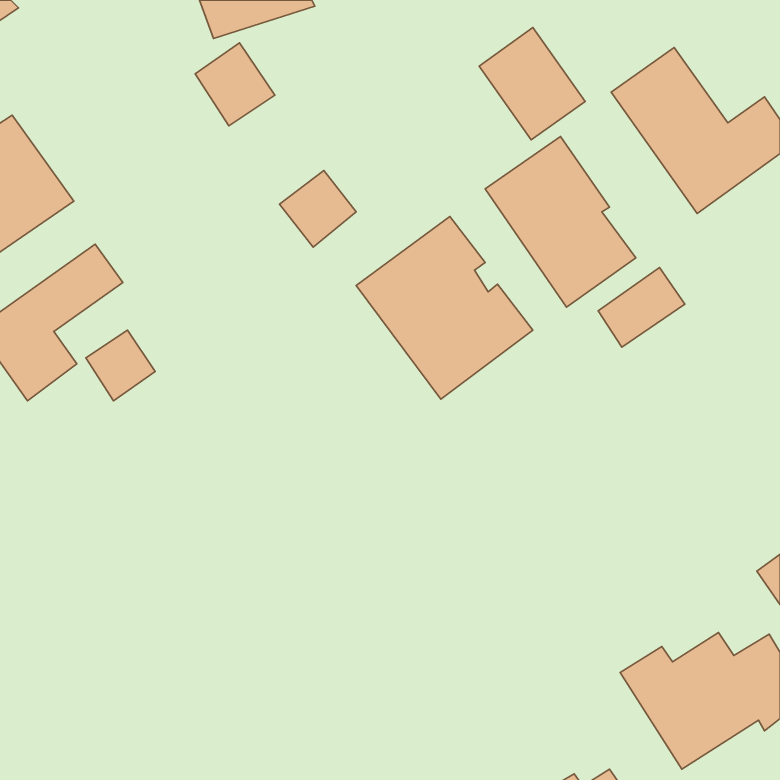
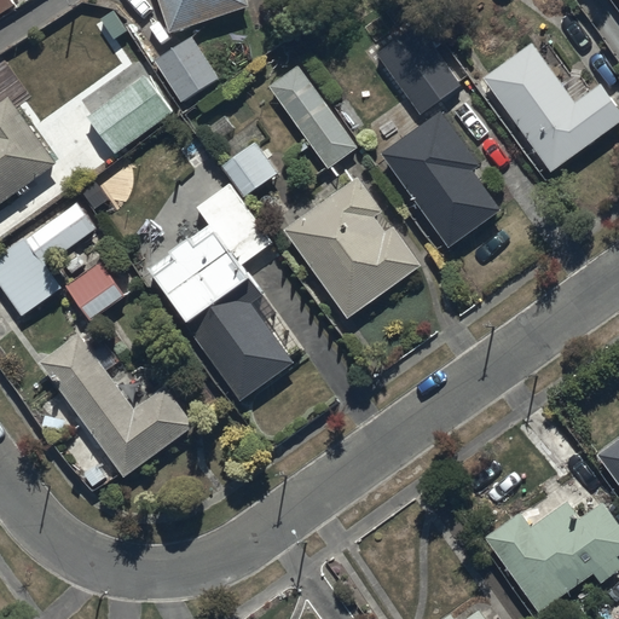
building: none -> [266,65,358,169]
building: none -> [85,73,172,155]
building: none -> [147,183,301,401]
building: [598,267,685,347] -> none
building: none -> [36,331,195,478]

